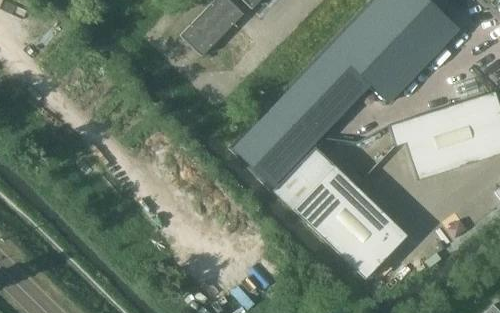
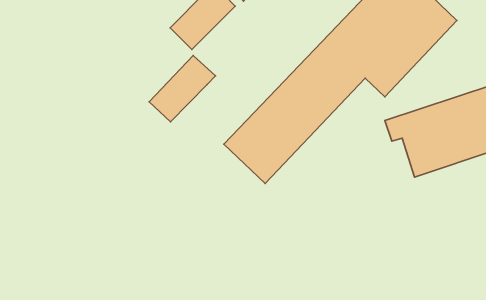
building: none -> [149,56,216,122]
building: [273,146,408,278] -> none

